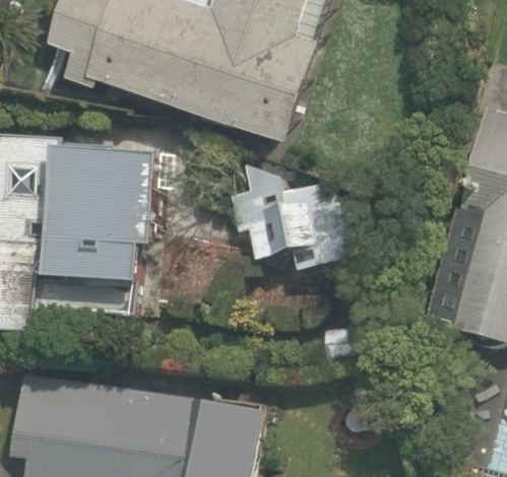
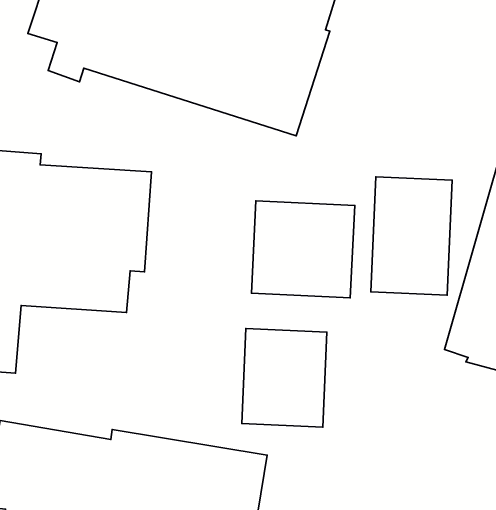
building: none -> [371,177,452,295]
building: none -> [242,329,327,427]

